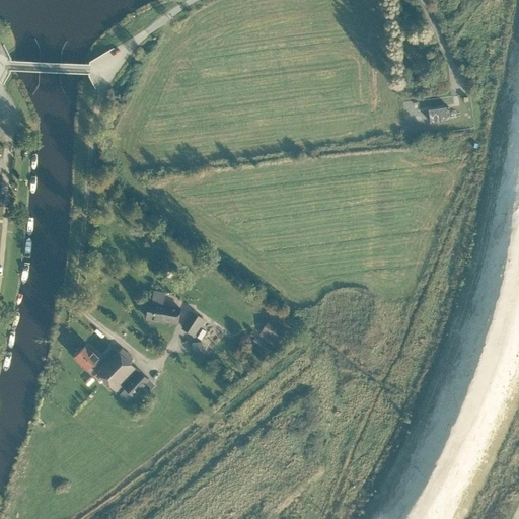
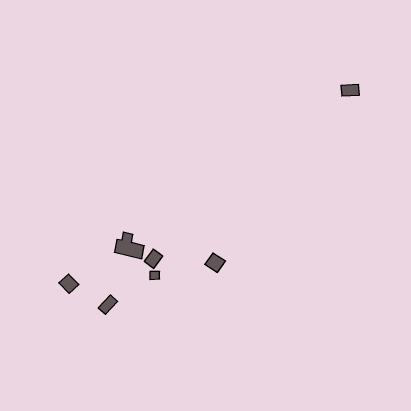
building: [94,347,137,390] -> none

